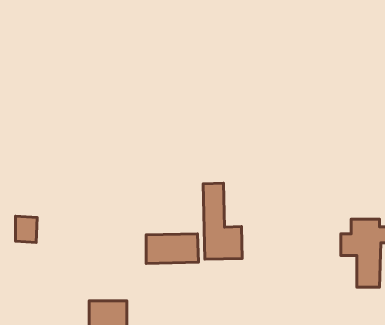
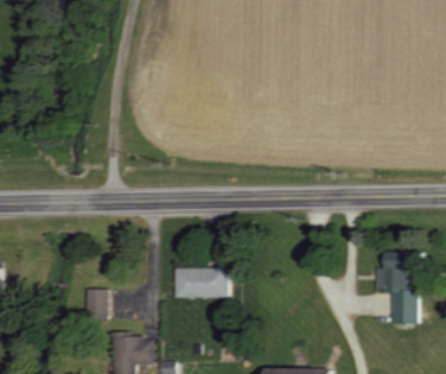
building: [203,183,242,259] -> none
building: [16,216,37,242] -> [83,287,106,315]

